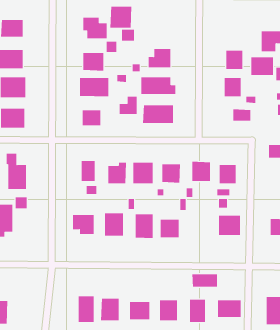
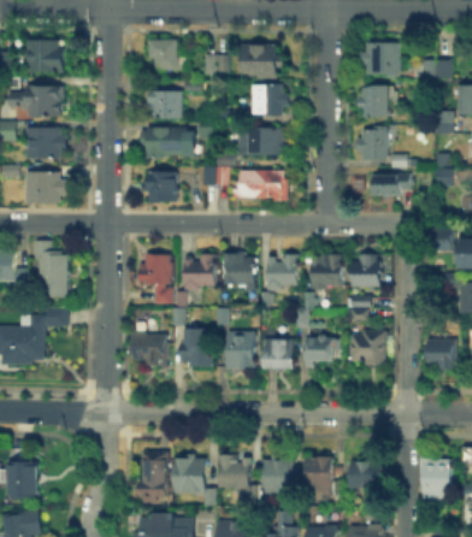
building: [110,6,132,28] -> [243,46,277,78]
building: [250,57,274,75] -> [366,46,401,73]
building: none -> [306,340,332,362]
building: [192,273,217,287] -> none

